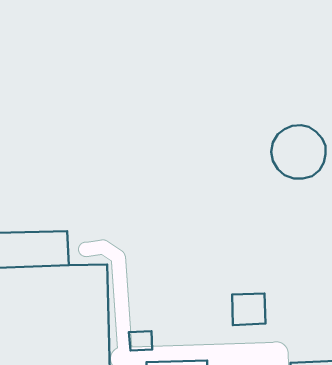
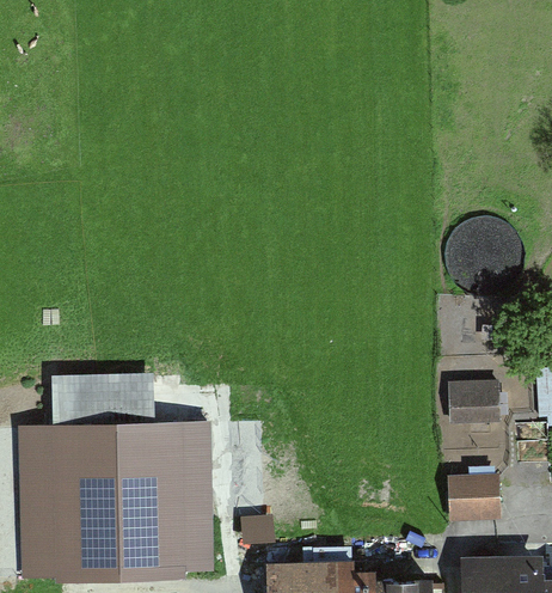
building: none -> [450,380,503,428]
building: [232,294,265,325] -> [453,477,501,522]

